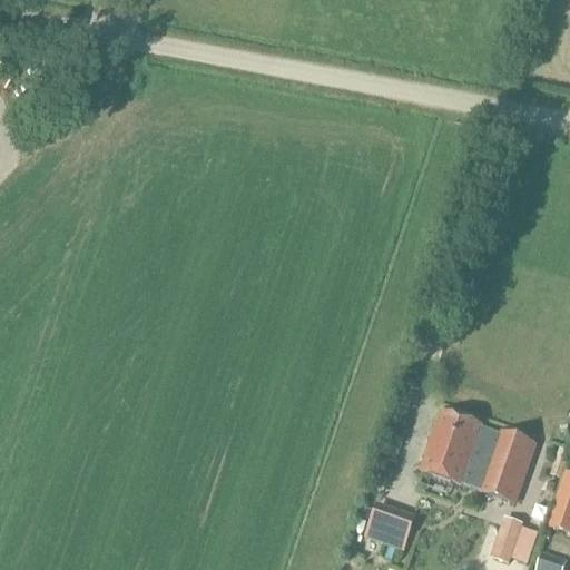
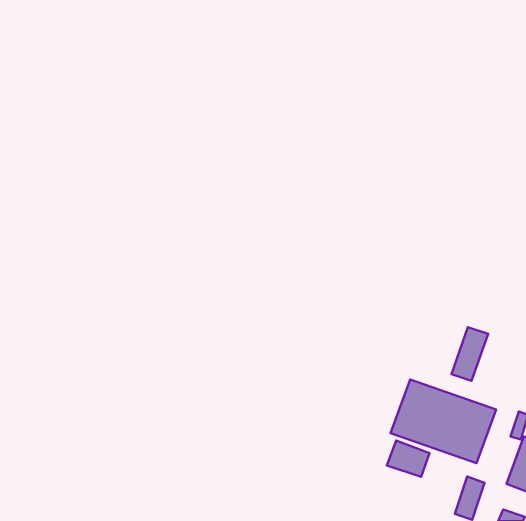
building: none -> [451,327,488,381]
building: [368,507,414,546] -> [387,441,429,477]

